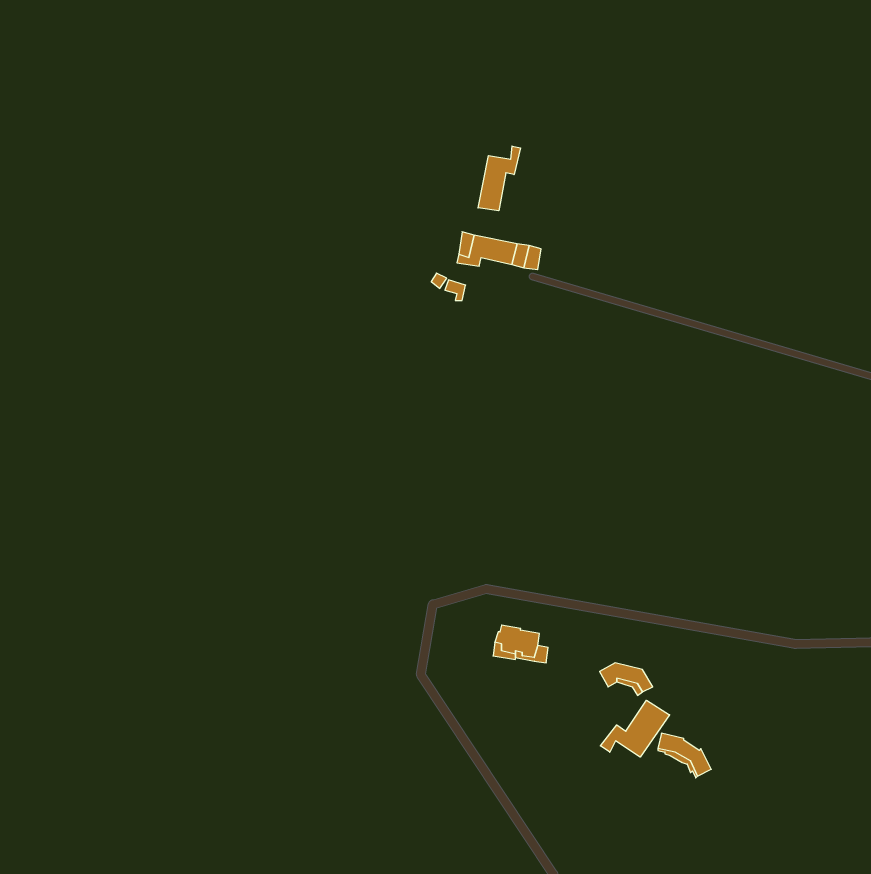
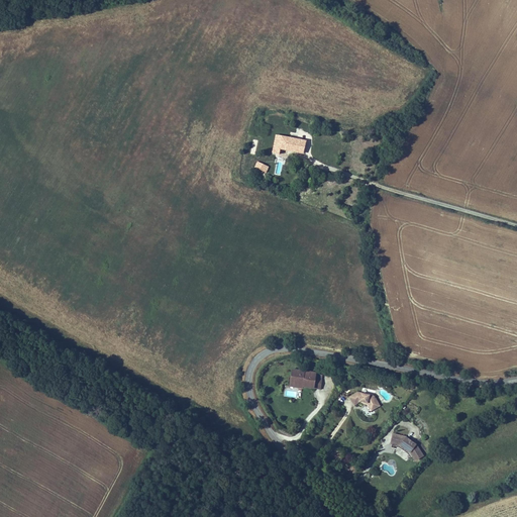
building: [478,146,520,211] -> none
building: [600,700,670,757] -> none

